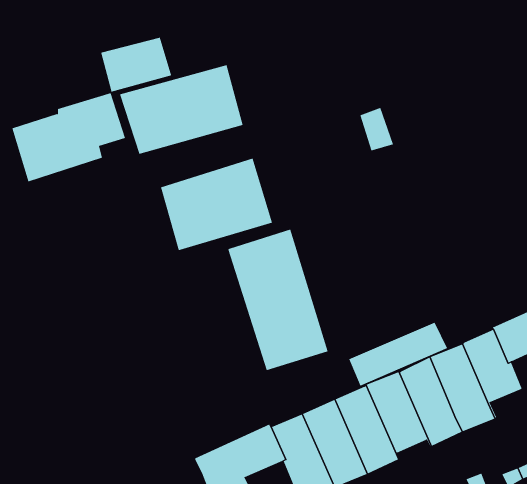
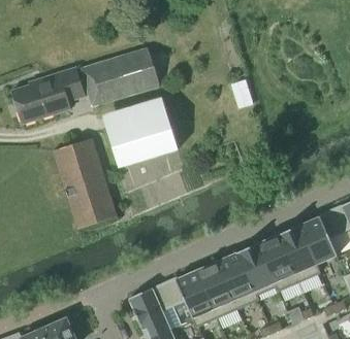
building: [101,37,172,92] -> none
building: [227,229,328,371] -> [53,138,117,228]
building: [349,322,448,387] -> none

